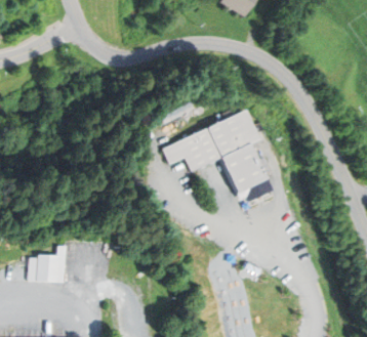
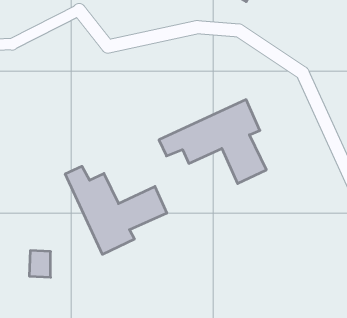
building: none -> [65,166,167,254]

